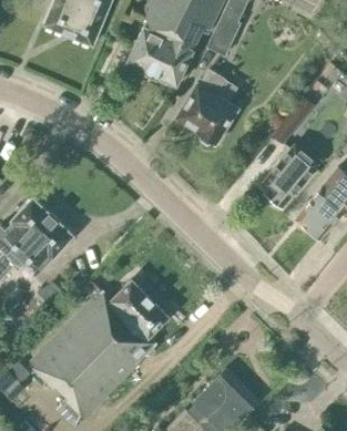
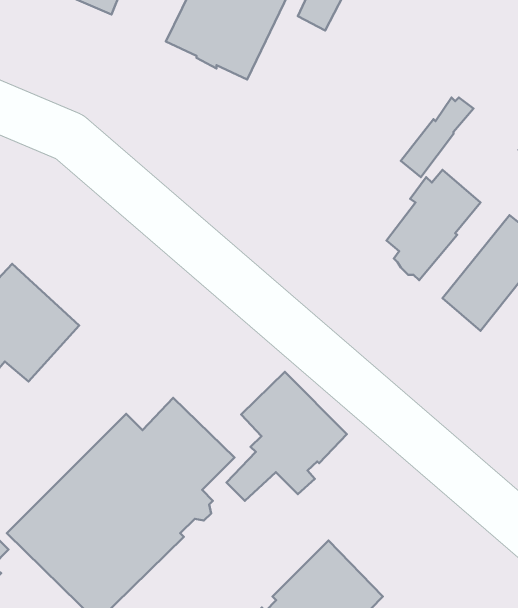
building: [175,68,238,144] -> none
building: none -> [227,372,347,501]

